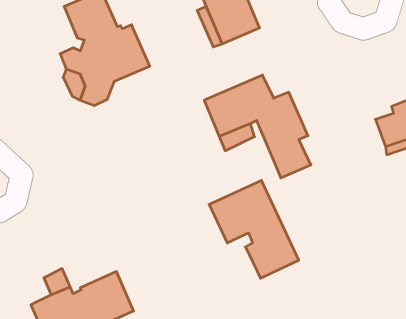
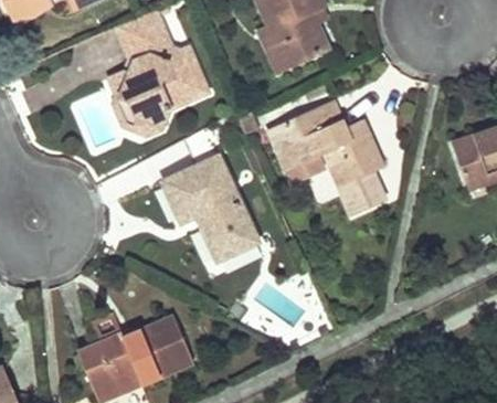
building: [209,180,299,278] -> [160,155,258,262]

